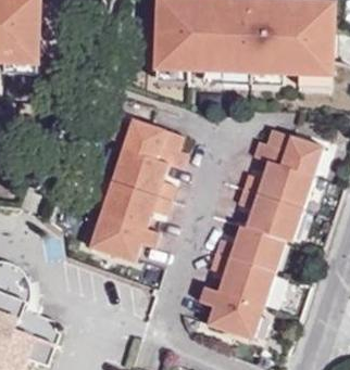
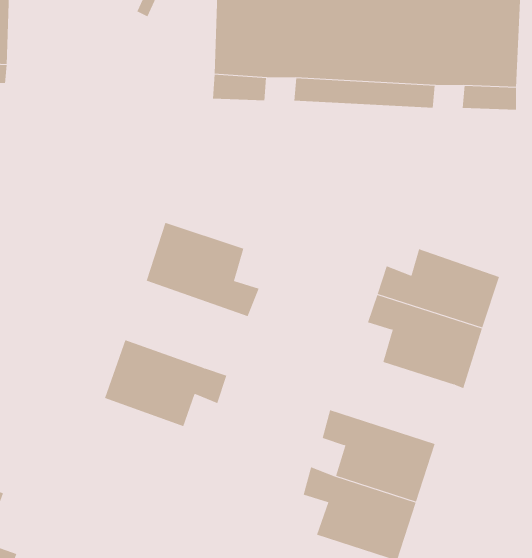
building: [122,116,187,166] -> none
building: [254,130,324,177] -> none
building: [99,179,170,229] -> none
building: [216,224,288,272] -> none

